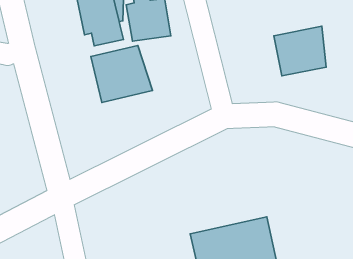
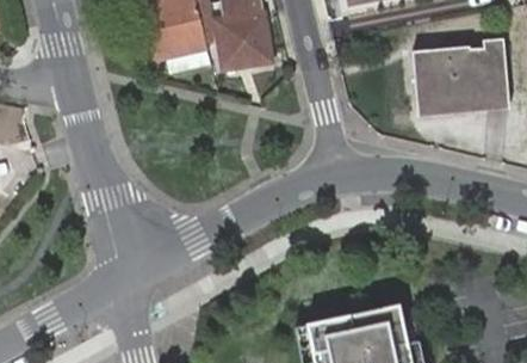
building: none -> [475,42,507,104]
building: [91,45,152,102] -> none

